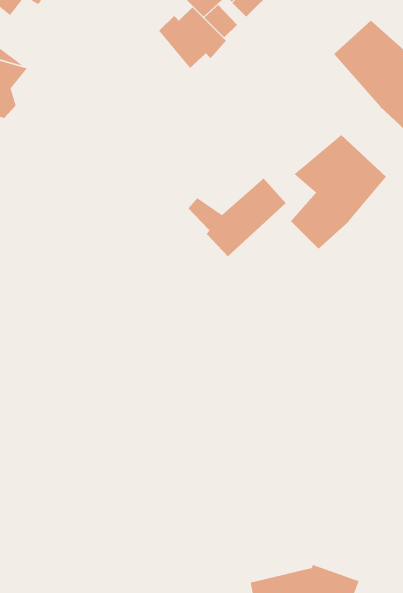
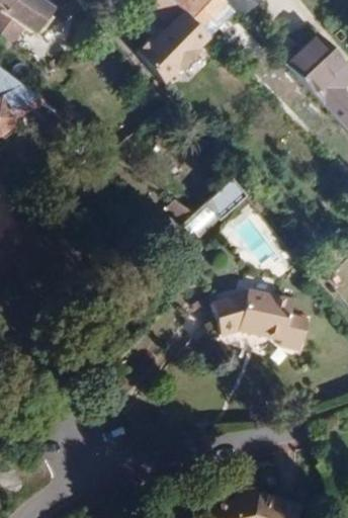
building: [290,134,387,249] -> none
building: none -> [214,282,309,341]

